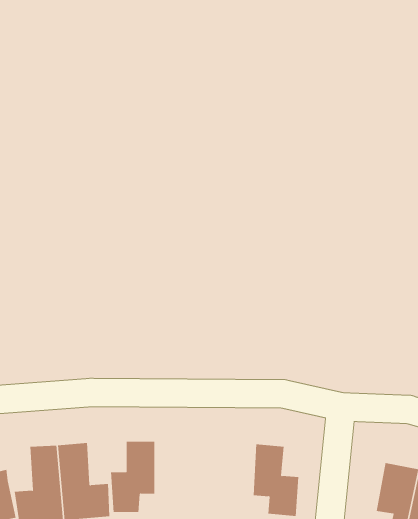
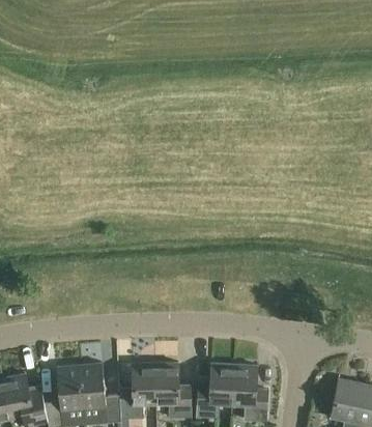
building: none -> [156,363,192,419]
building: none -> [197,364,235,419]

